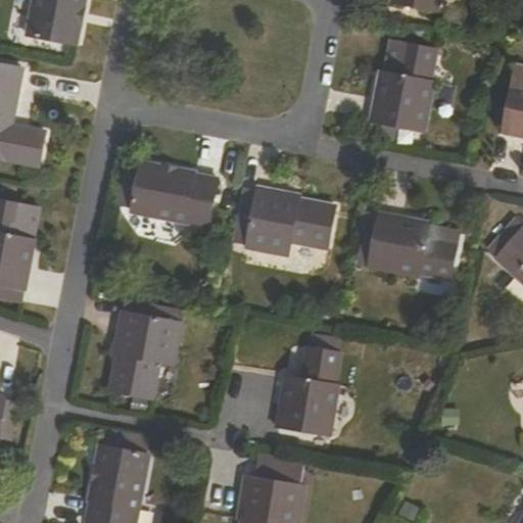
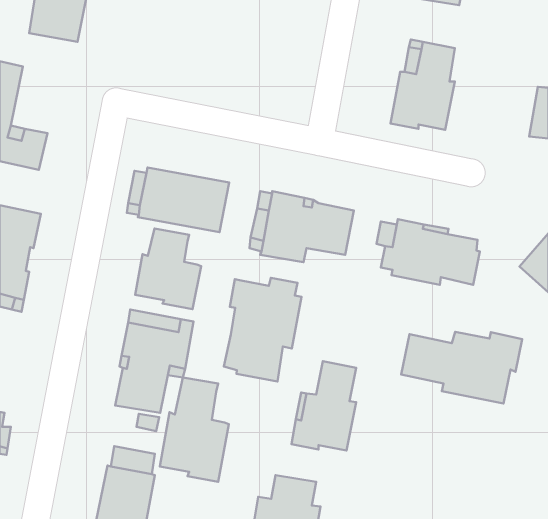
building: none -> [135,228,201,309]
building: none -> [224,278,301,382]
building: none -> [401,332,522,403]
building: none -> [160,377,229,482]

